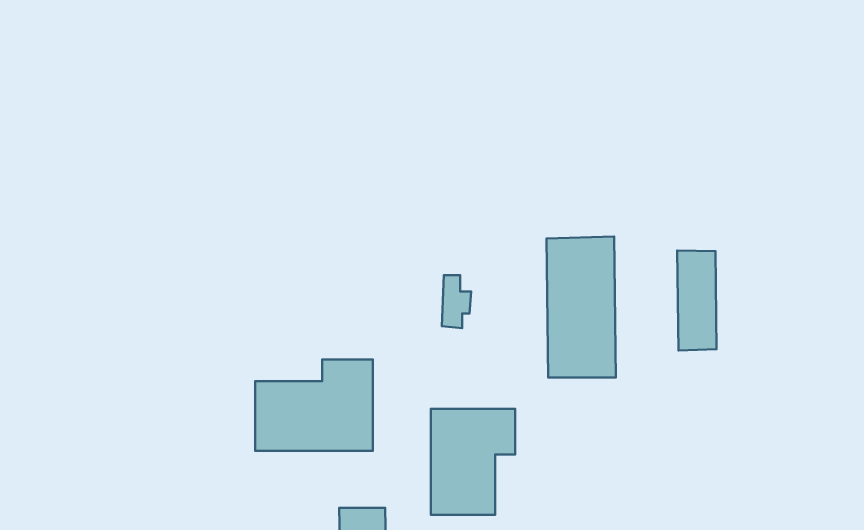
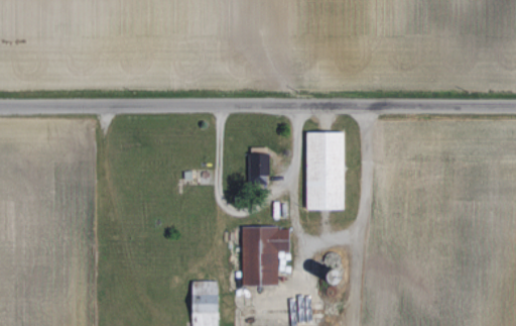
building: [677,251,717,351] -> none
building: [255,359,373,451] -> none

